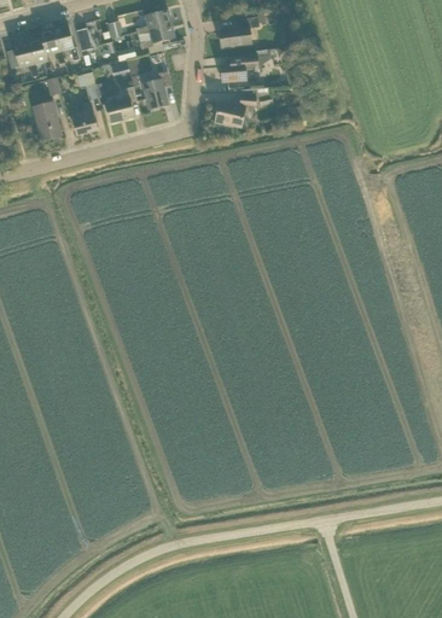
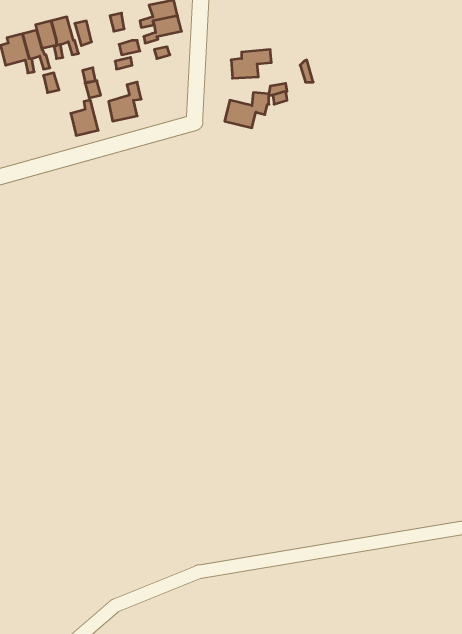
building: [219,17,258,47] -> none
building: [141,71,170,109] -> none
building: [31,101,62,140] -> none

